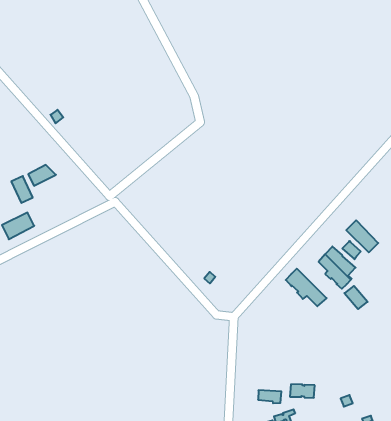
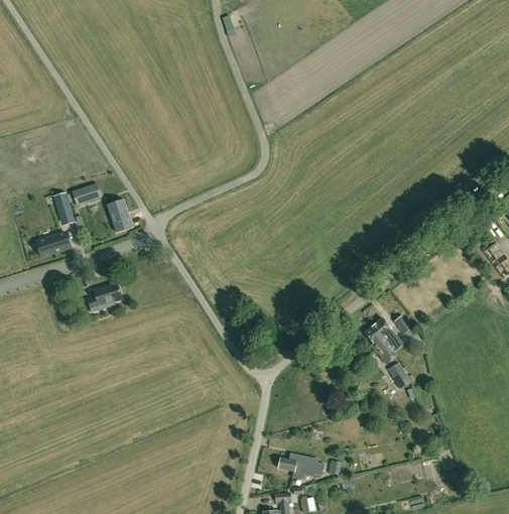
building: none -> [106,199,132,232]
building: [346,220,378,252] -> none
building: none -> [88,282,122,310]
building: [286,269,327,306] -> none

